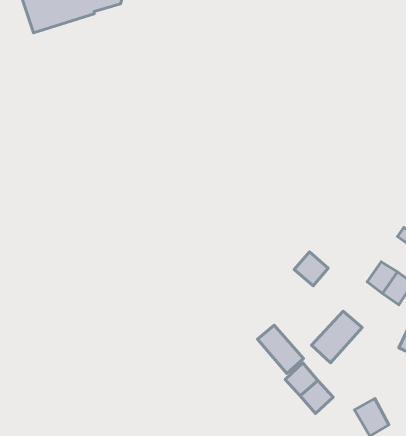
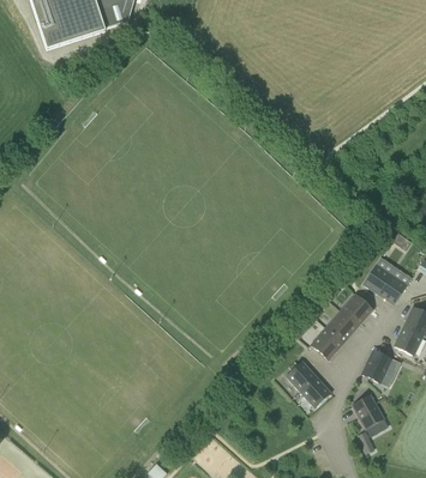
building: [294,252,328,286] -> [340,294,372,326]
building: [257,325,303,373] -> none
building: none -> [360,349,391,382]

